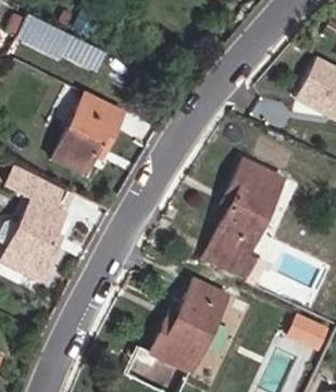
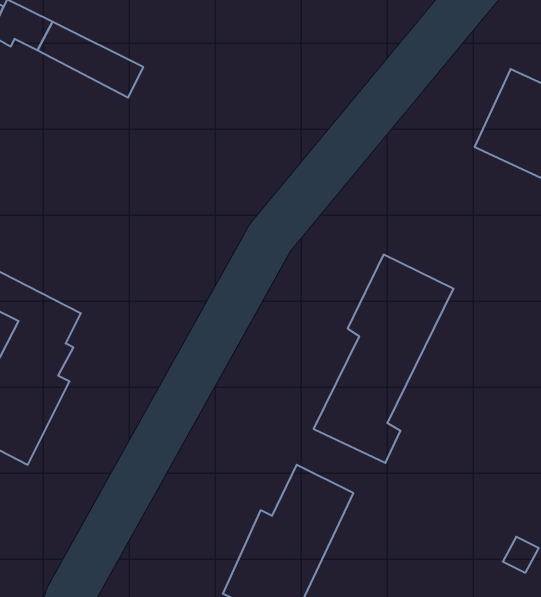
building: [54,93,123,173] -> none

